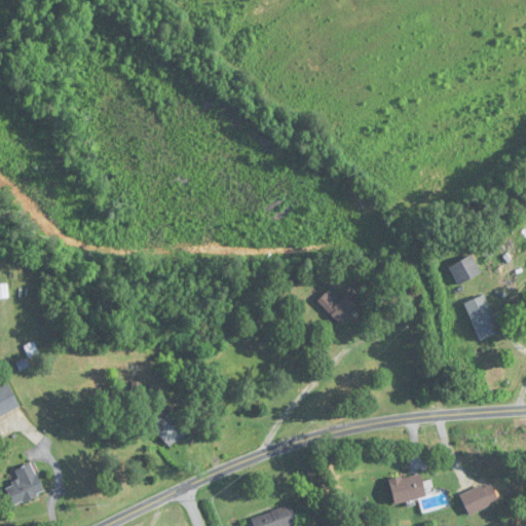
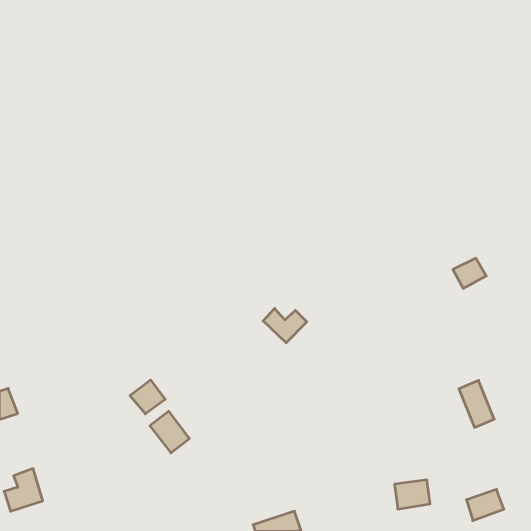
building: [316,289,360,323] -> [263,308,307,343]
building: [463,294,498,340] -> [459,380,494,427]
building: none -> [130,380,165,414]

